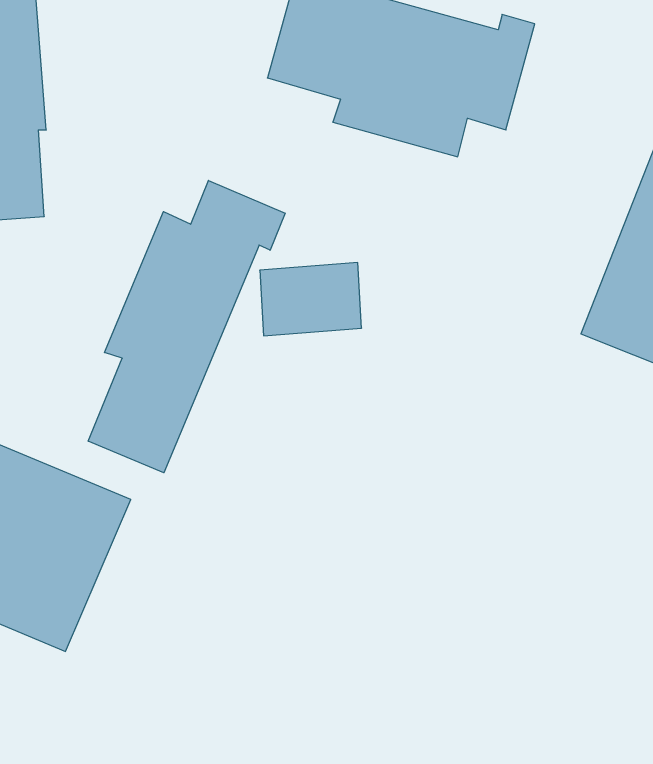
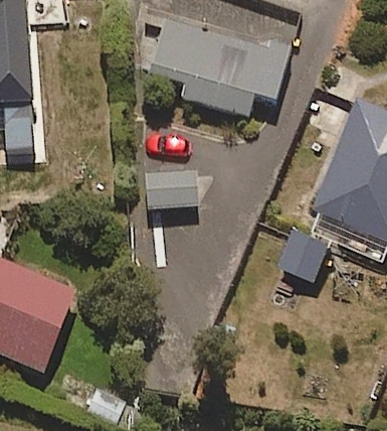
building: [88,180,285,473] -> none

